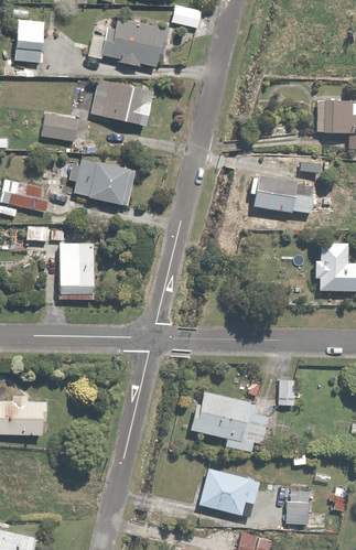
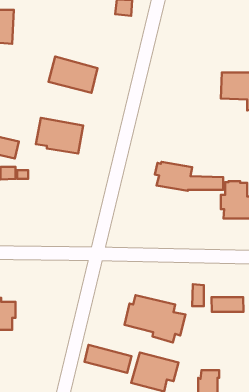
building: [87,15,164,67] -> none
building: [42,112,79,140] -> none
building: [250,175,339,213] -> [155,162,223,191]
building: [60,240,95,296] -> none
building: none -> [212,297,243,312]
building: none -> [84,345,131,373]

